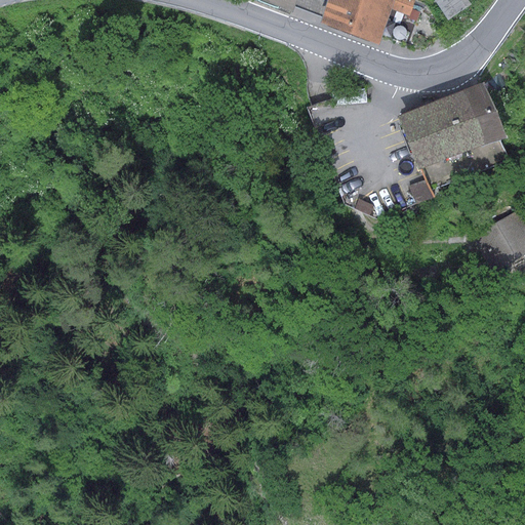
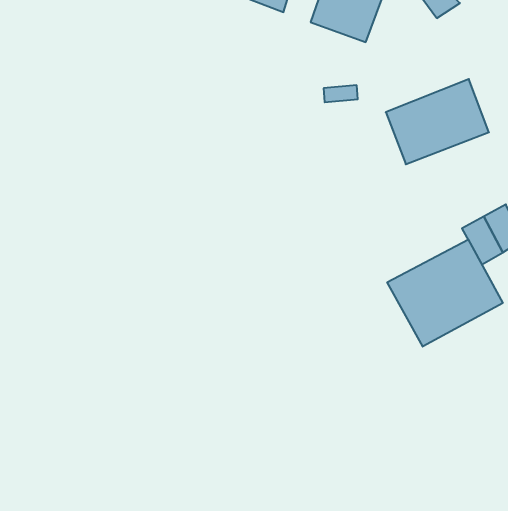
building: none -> [387,239,503,347]

